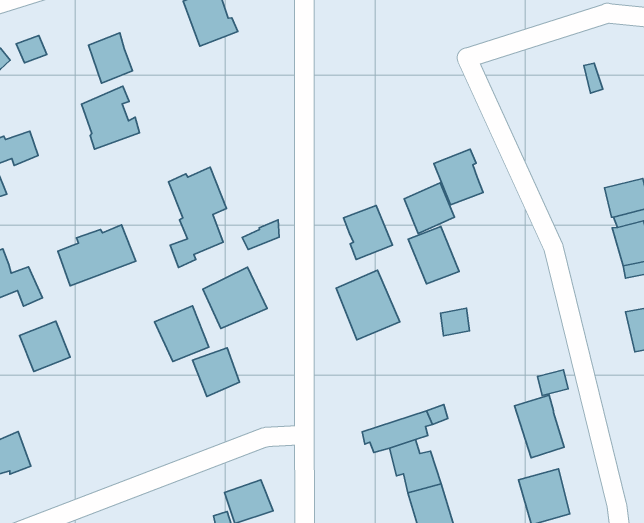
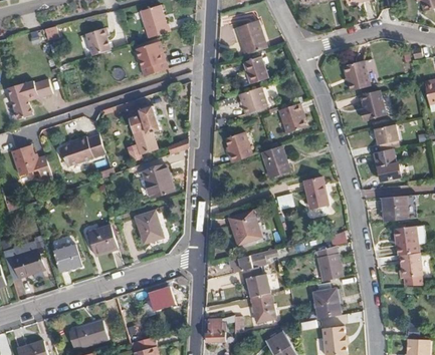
building: none -> [235,20,265,55]
building: none -> [343,60,369,91]
building: none -> [244,55,269,83]
building: [82,86,140,149] -> [135,42,167,77]
building: none -> [359,89,385,119]
building: [404,183,454,233] -> [239,87,267,115]
building: [336,270,400,340] -> [228,211,263,250]
building: none -> [303,178,328,210]
building: [155,306,209,361] -> [86,222,117,253]
building: [20,321,70,372] -> [53,241,81,269]

